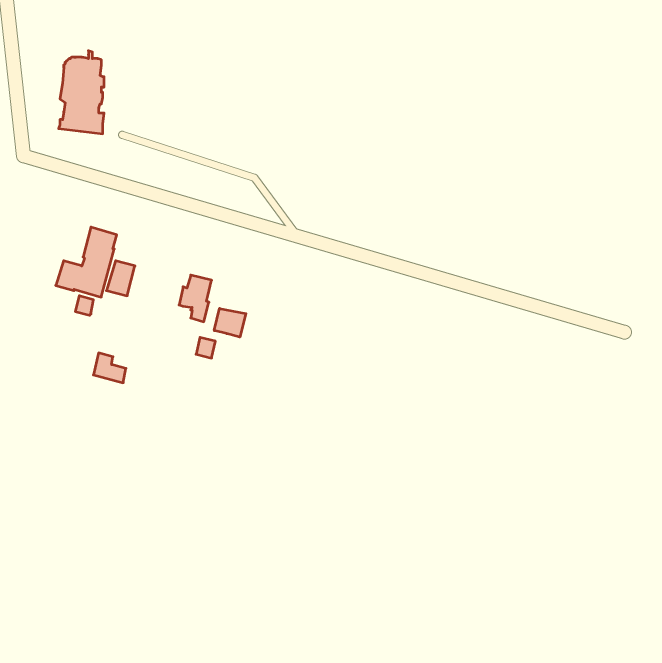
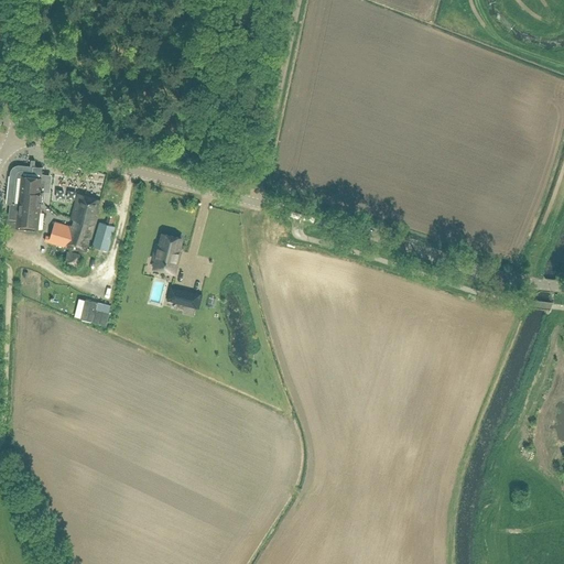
building: [59,51,104,134] -> [4,160,43,230]
building: [214,308,246,337] -> none

